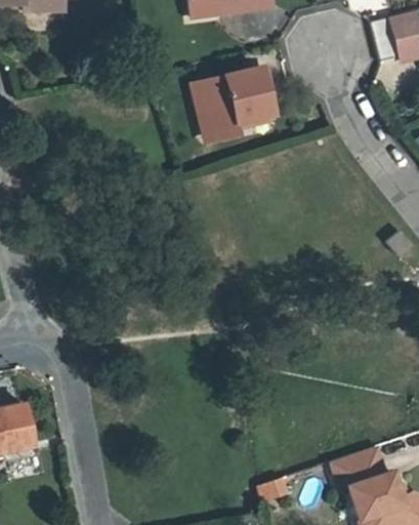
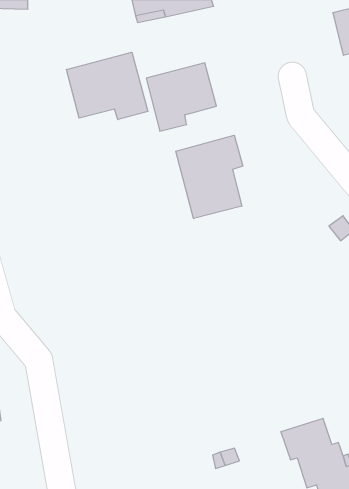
building: none -> [66,52,148,120]
building: none -> [176,135,243,219]

